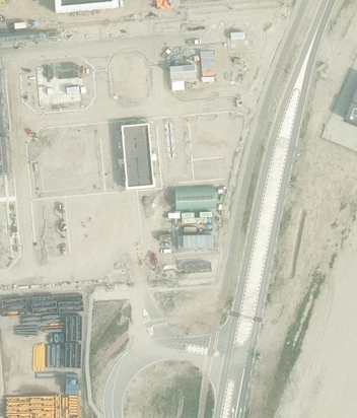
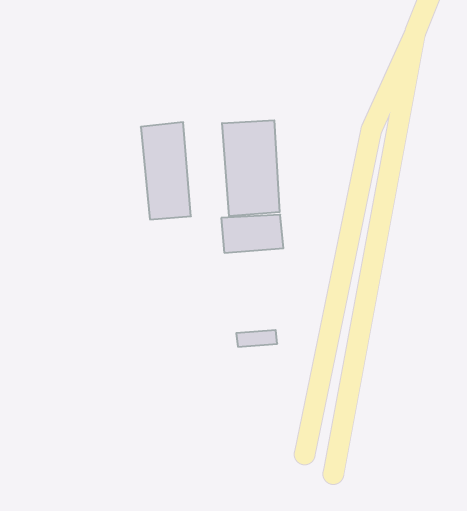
building: none -> [222,120,279,216]

